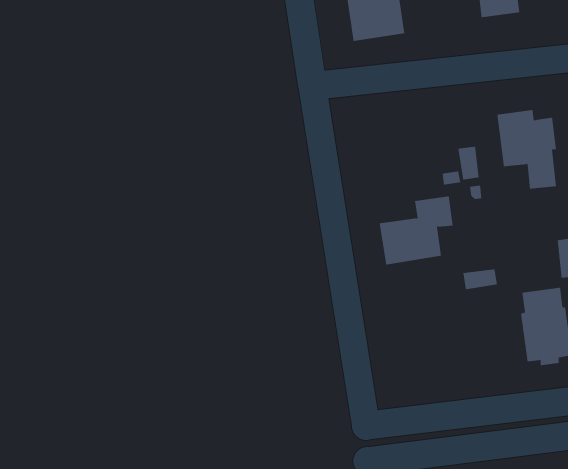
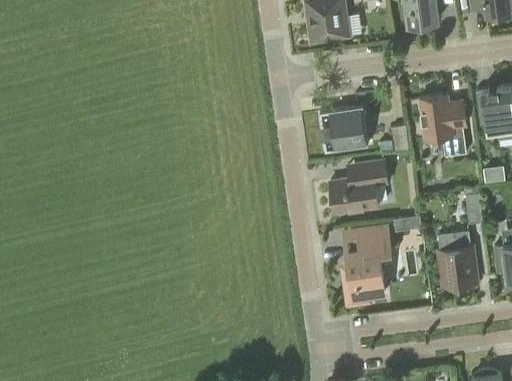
building: none -> [320,105,368,151]
building: none -> [344,225,391,304]

